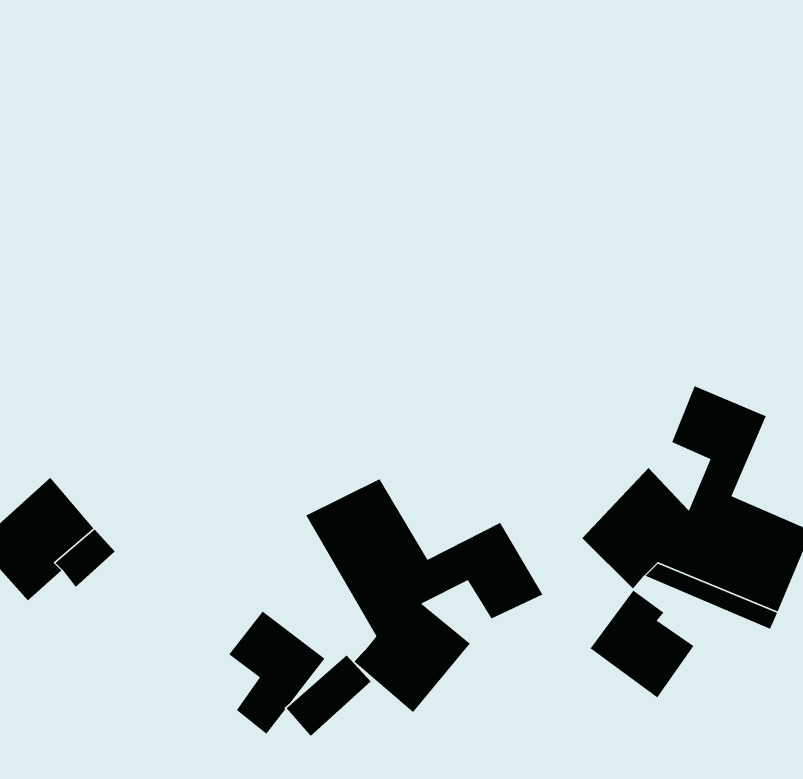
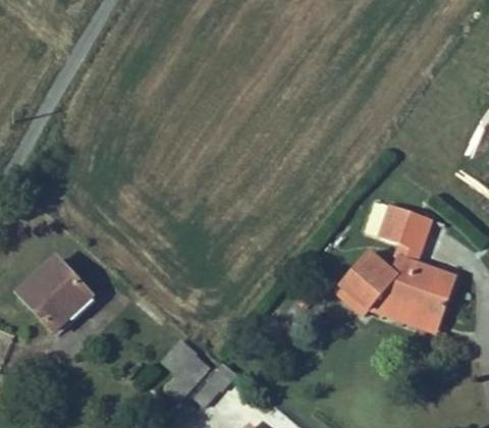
building: [305,478,544,713] -> none
building: [590,590,695,699] -> none

